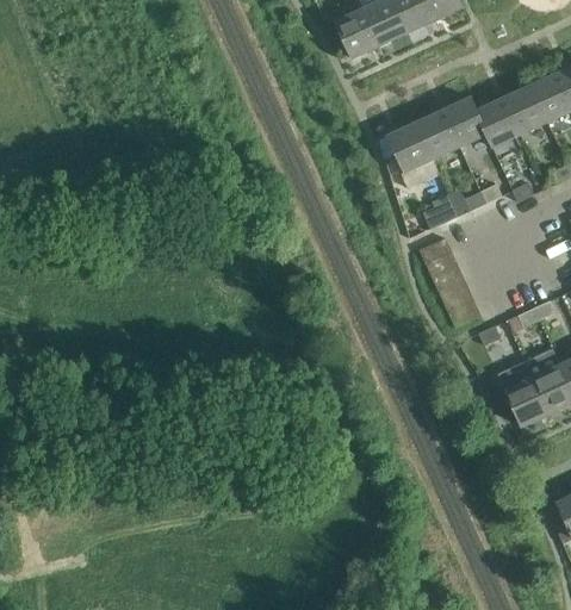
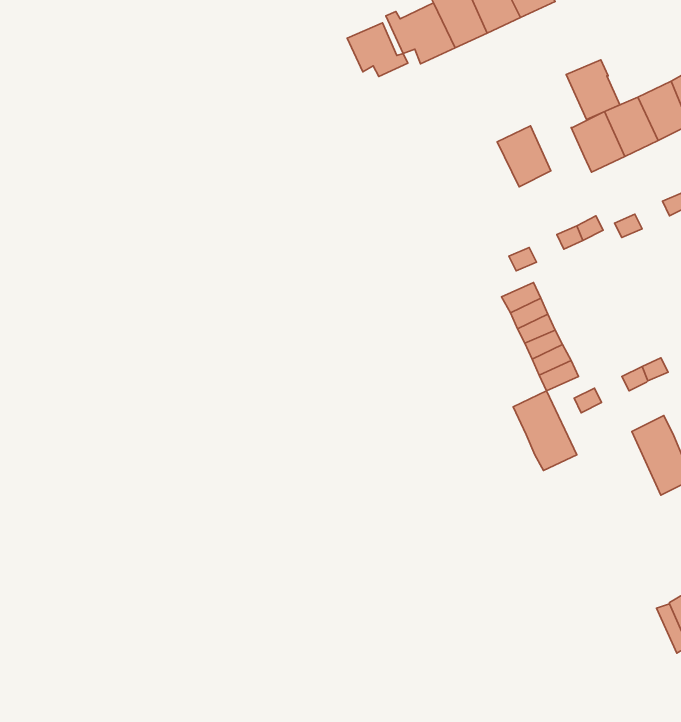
building: none -> [347,23,408,76]
building: [443,97,488,145] -> [566,60,620,119]
building: [389,122,434,170] -> none
building: [498,360,551,425] -> [513,391,577,471]

